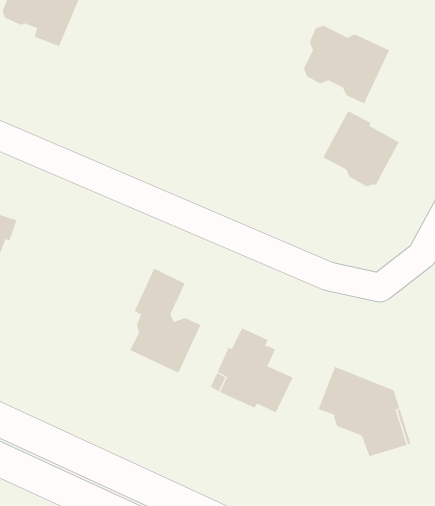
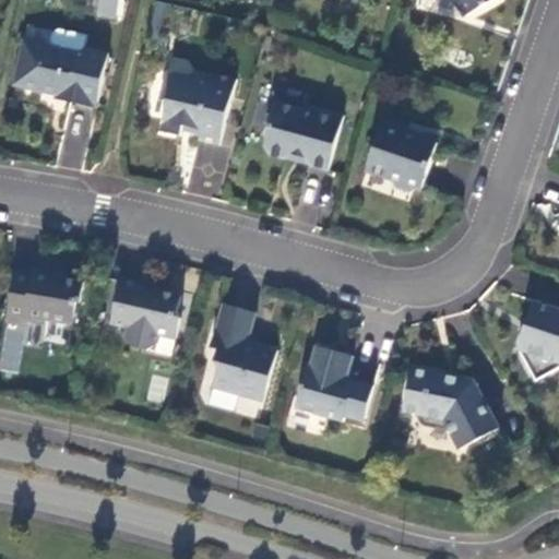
building: [303,25,390,104] -> [262,102,342,170]
building: none -> [158,71,235,144]
building: none -> [109,278,179,349]

